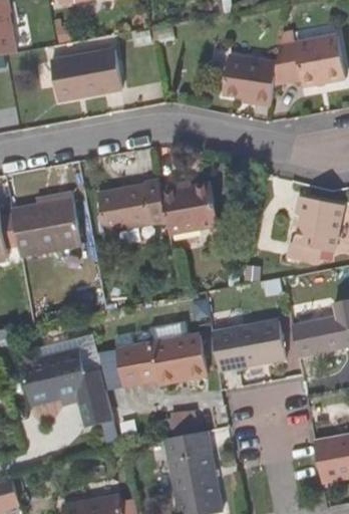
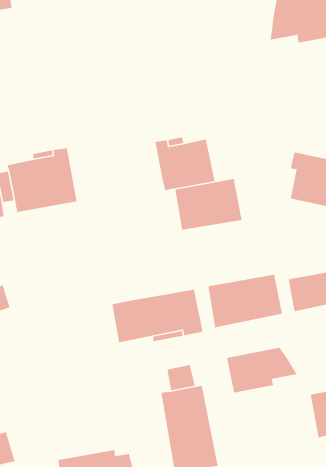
building: [50,48,122,101] -> none
building: [223,54,277,106] -> none
building: [97,180,165,232] -> [174,178,242,230]
building: [19,347,112,426] -> none
building: none -> [226,347,298,393]

